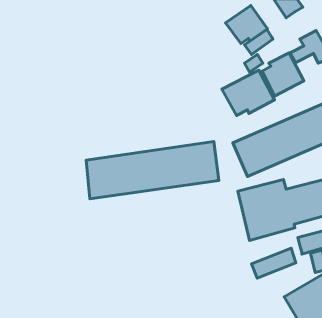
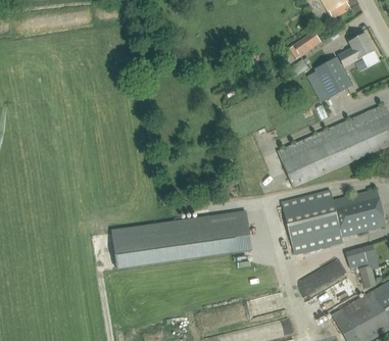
building: [226,5,268,44] -> none
building: [222,70,275,115] -> none
building: [86,142,219,199] -> [111,210,251,271]

